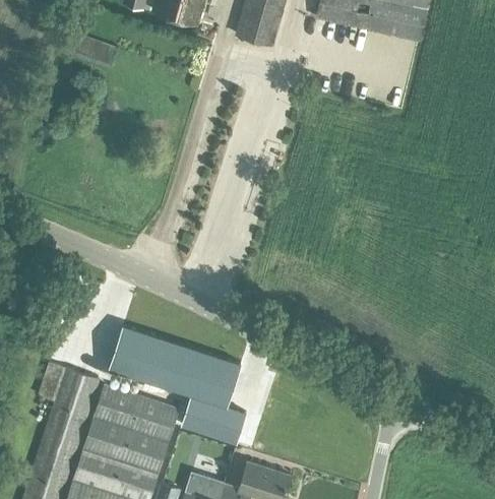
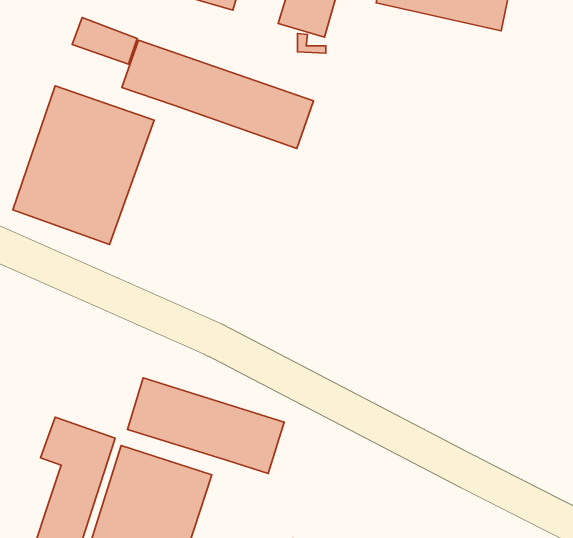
building: none -> [122,40,313,148]
building: none -> [13,86,154,245]
building: [182,395,246,443] -> none

